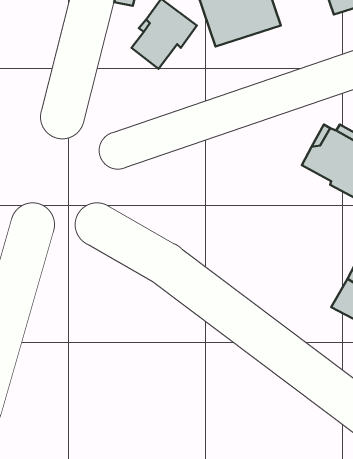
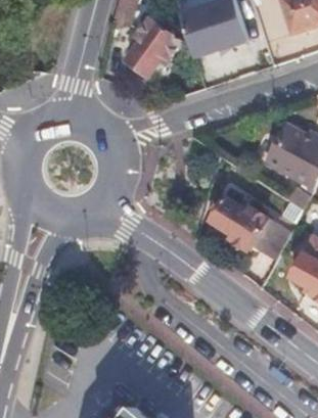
building: none -> [211,197,289,262]

